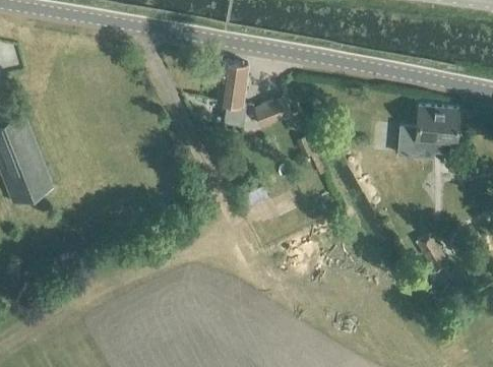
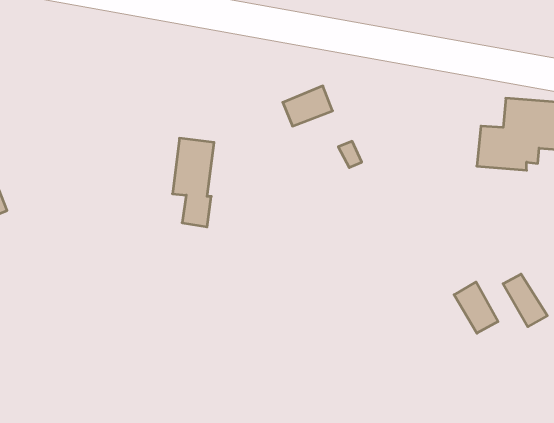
building: [218,60,248,125] -> [172,138,214,227]
building: none -> [454,282,498,333]

